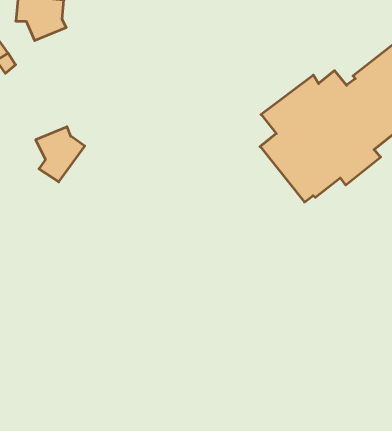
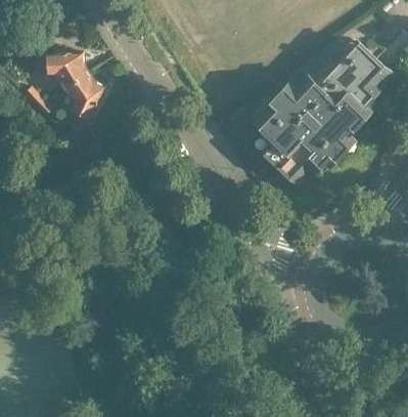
building: [36,127,85,182] -> [64,72,104,117]

